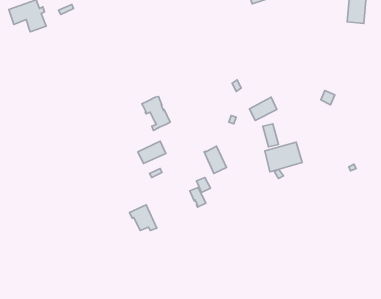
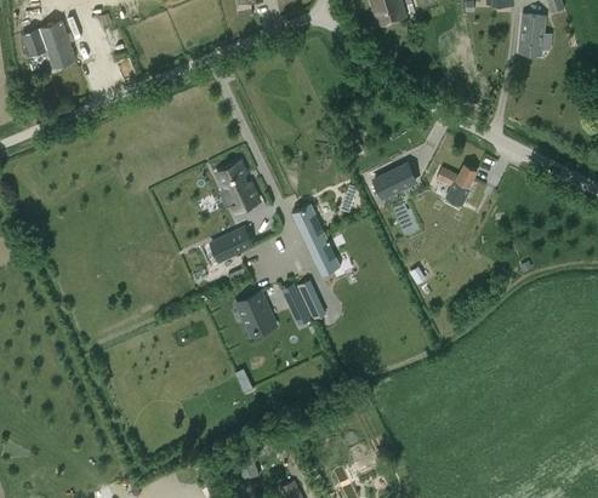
building: none -> [437,164,477,199]
building: none -> [294,204,326,244]
building: [265,142,302,172] -> none
building: [130,205,157,231] -> [237,292,277,330]

